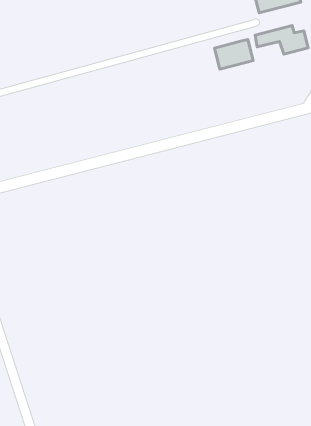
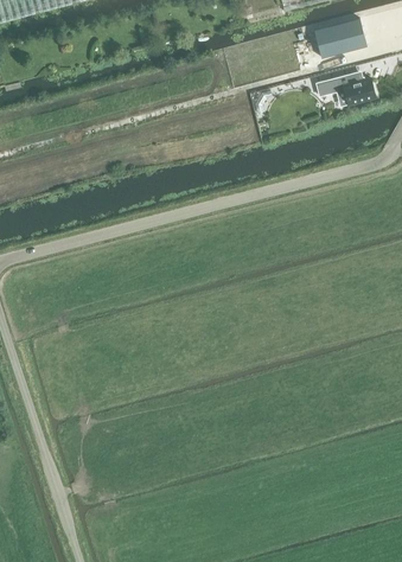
building: [215,40,253,69] -> none

